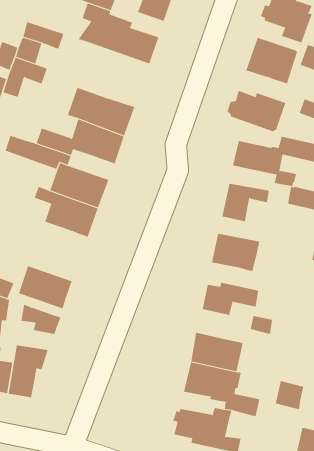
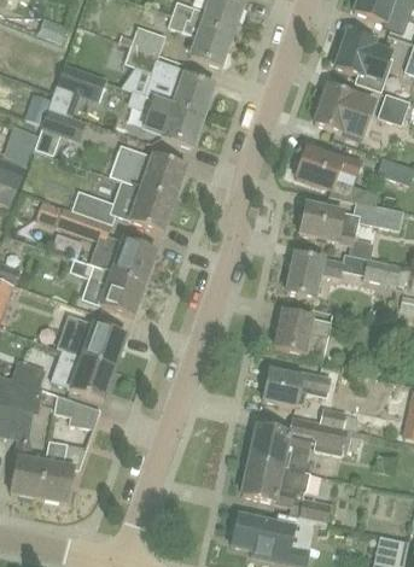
building: none -> [126,90,203,147]
building: none -> [58,314,126,367]
building: [275,380,304,410] -> [313,422,346,456]

